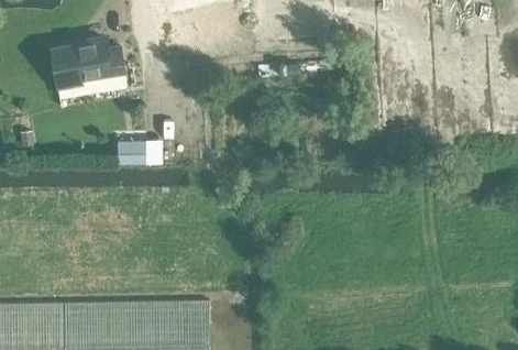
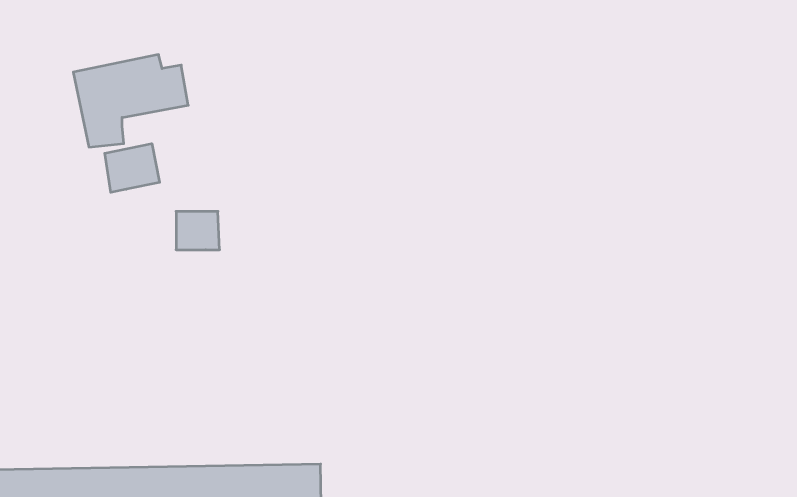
building: none -> [105,144,160,192]

